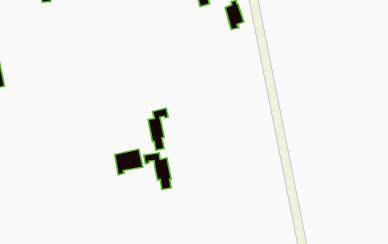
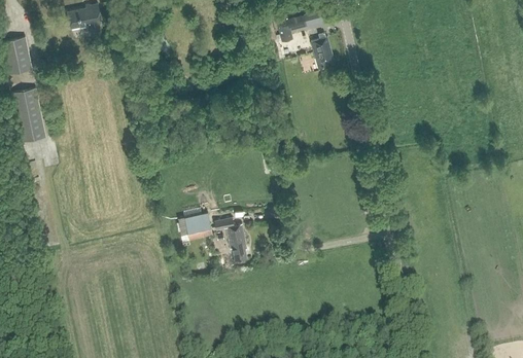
building: [148,108,168,150] -> none

